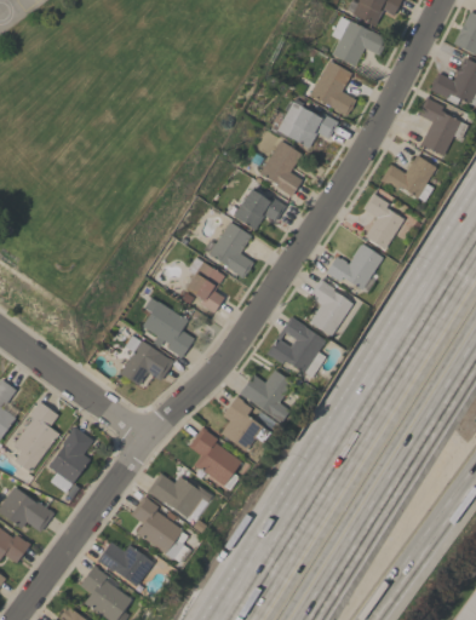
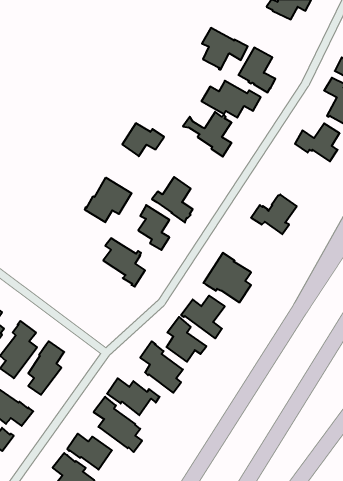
building: [331,16,388,68] -> [202,28,248,70]
building: [234,189,286,230] -> [122,123,164,156]
building: [362,193,403,249] -> none
building: none -> [85,178,132,222]
building: [309,279,352,335] -> none
building: [120,335,173,386] -> none

